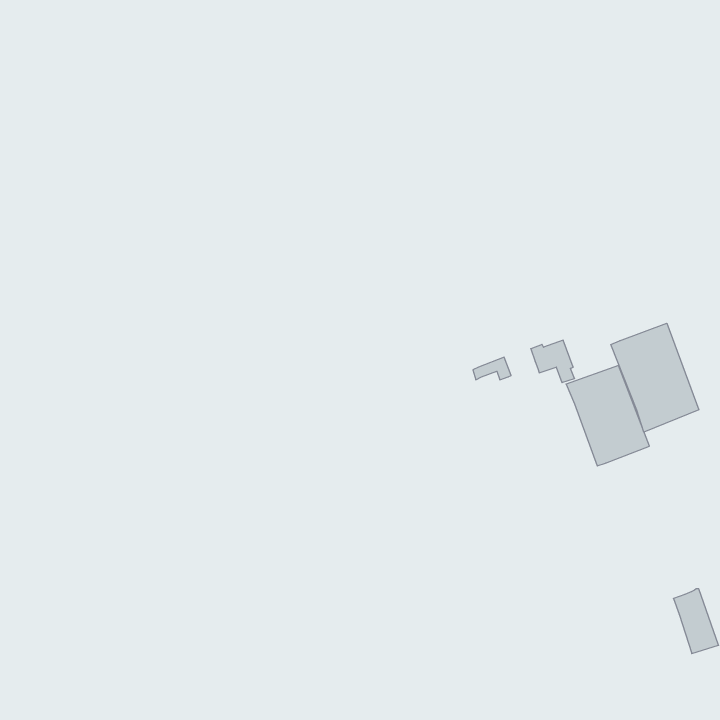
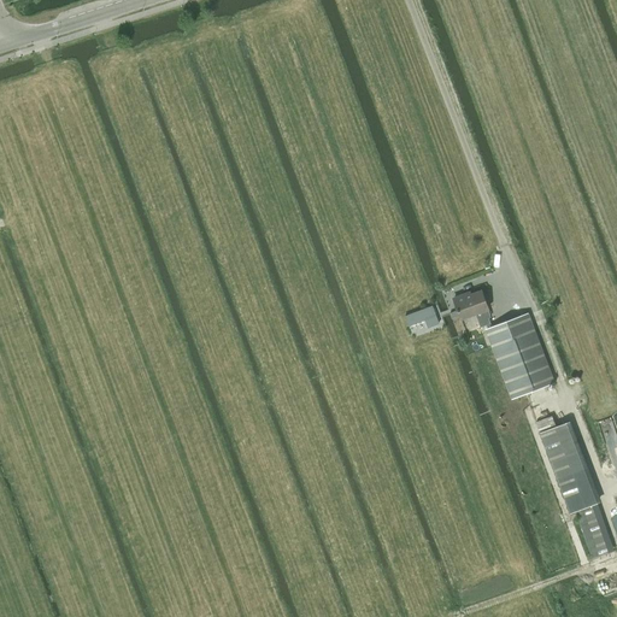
building: [611,323,699,432] -> none
building: none -> [539,419,600,512]

